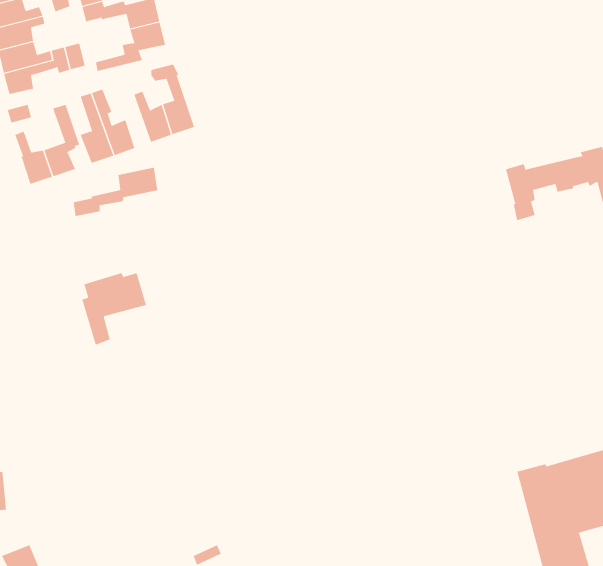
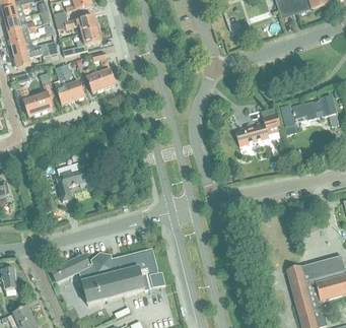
building: [73,167,158,217] -> none
building: none -> [236,107,280,145]
building: none -> [51,248,165,304]

